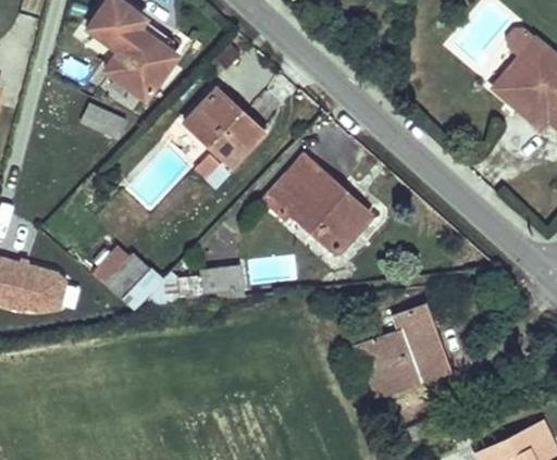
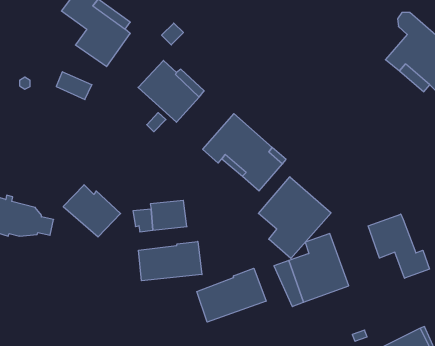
building: none -> [258,177,331,258]
building: none -> [368,214,430,278]
building: none -> [139,241,202,281]
building: none -> [197,268,266,322]

